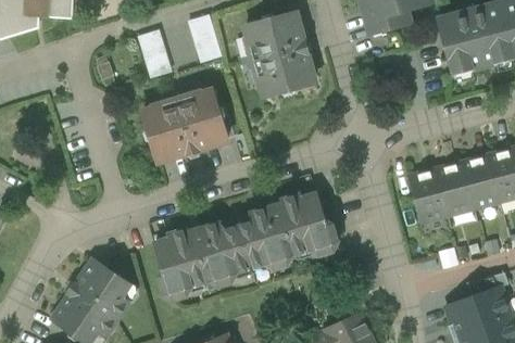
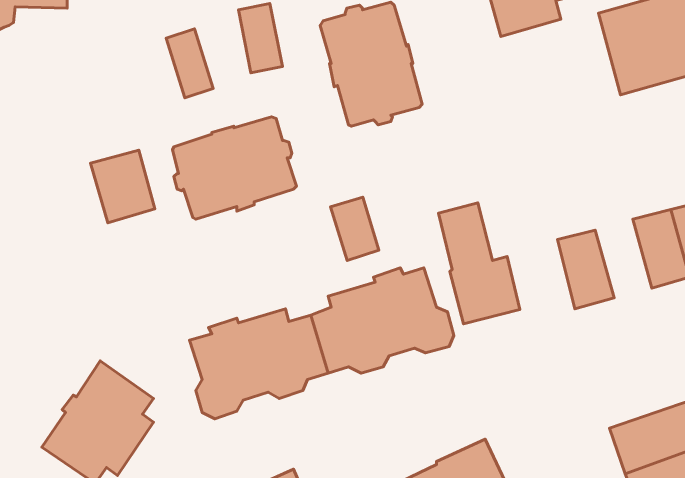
building: none -> [91,150,155,223]
building: none -> [330,197,379,261]
building: none -> [439,203,520,324]
building: [435,161,474,215] -> none

